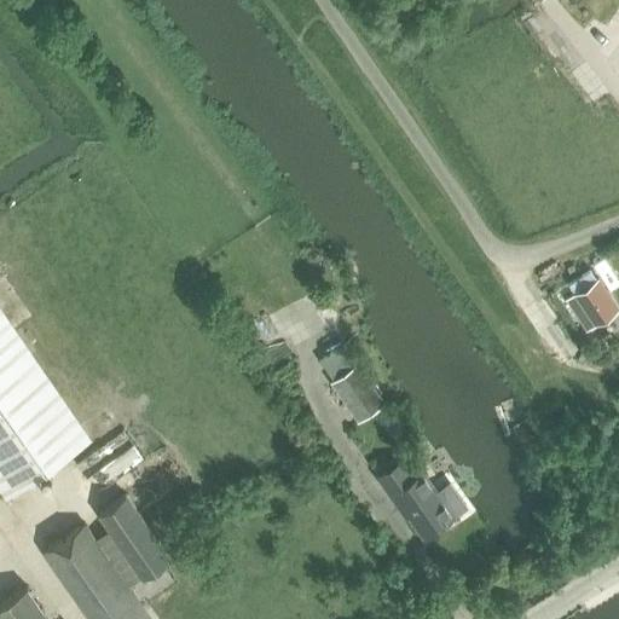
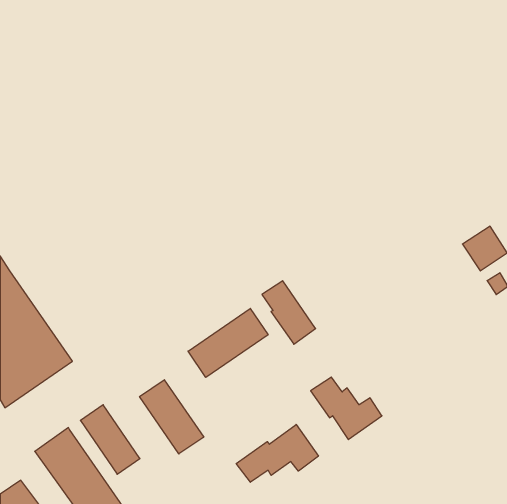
building: none -> [188,308,268,377]
building: none -> [140,380,204,454]
building: none -> [236,424,318,482]

